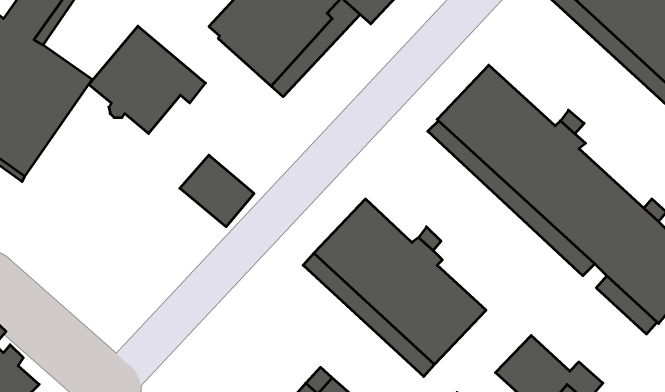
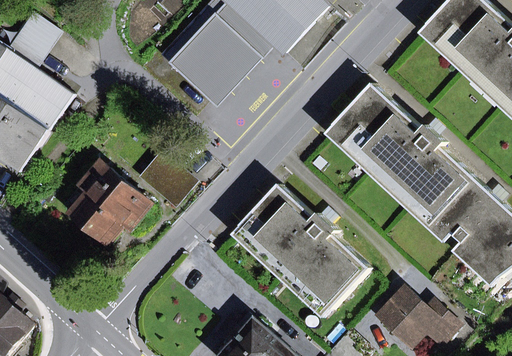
building: [89,26,206,134] -> [63,161,151,242]

